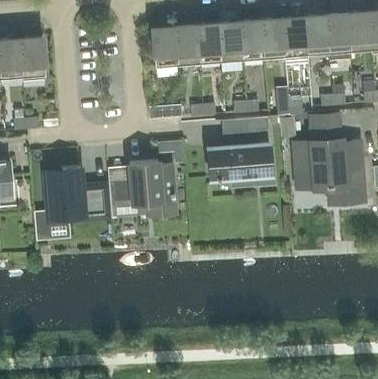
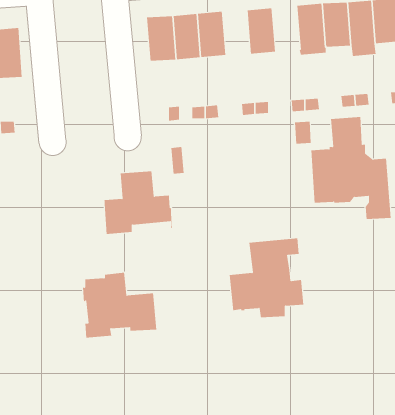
building: [261,17,285,57] -> none
building: [218,21,242,60] -> none
building: [207,115,272,184] -> [229,238,304,318]
building: [43,166,108,223] -> [82,272,157,338]

